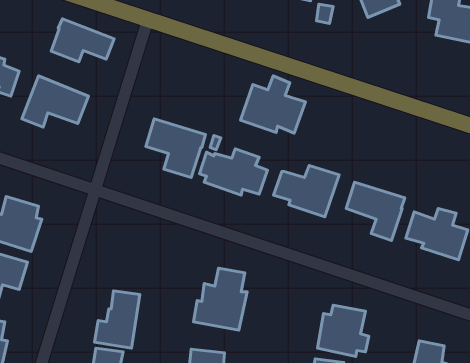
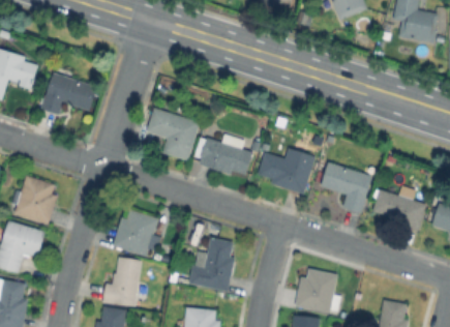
building: [51,19,114,62] -> none
building: [240,76,305,133] -> none
building: none -> [112,210,160,257]

